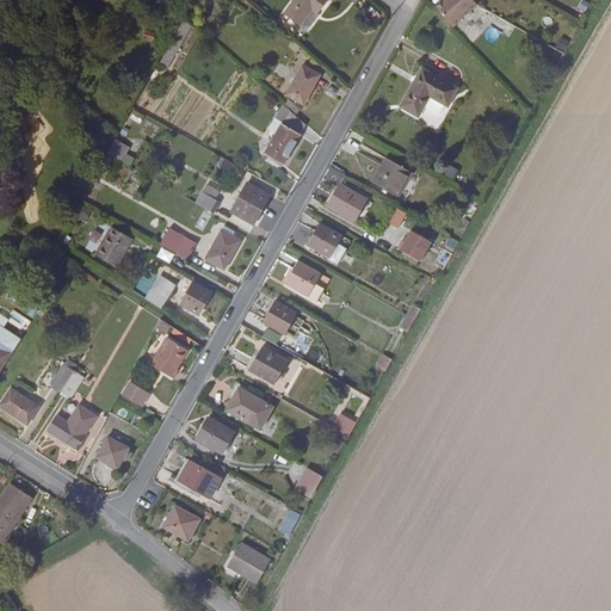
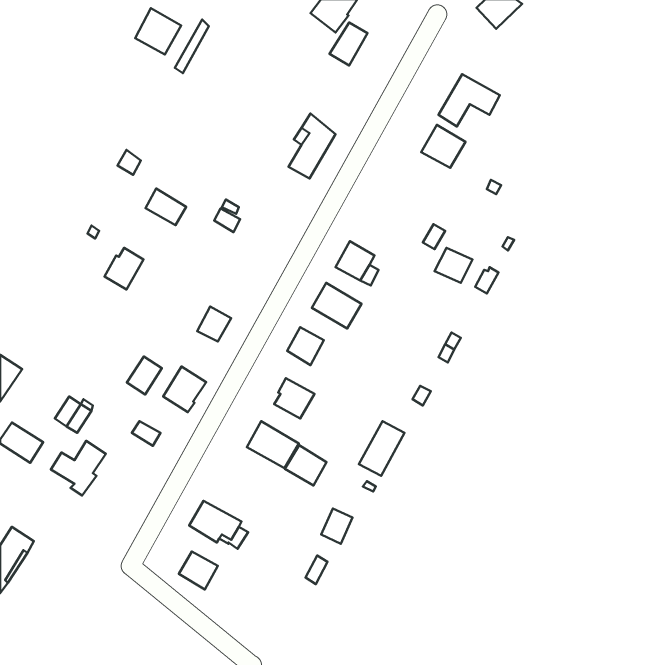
building: none -> [135,8,181,55]
building: [285,64,320,104] -> [330,23,368,66]
building: [371,156,412,196] -> [421,125,466,168]
building: [230,181,271,223] -> none
building: [327,183,366,220] -> none
building: [205,224,240,269] -> none
building: [160,226,197,259] -> [146,189,186,225]
building: [144,273,177,308] -> [127,357,162,394]
building: [196,416,234,453] -> [285,445,327,486]
building: [95,436,131,468] -> none
building: [227,543,270,582] -> none

